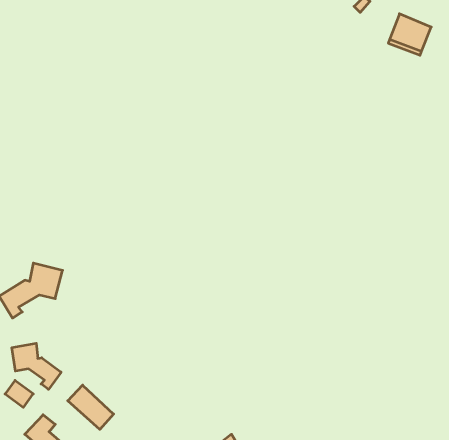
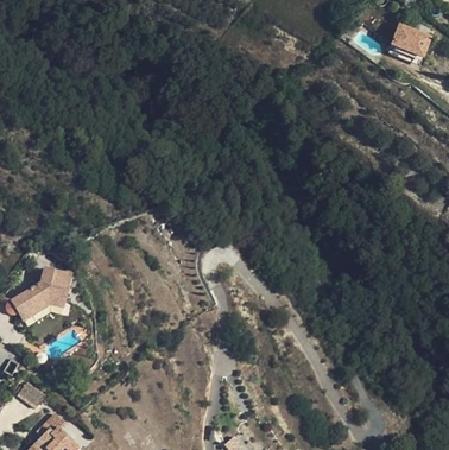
building: [12,343,61,389] -> none
building: [68,385,114,429] -> none

